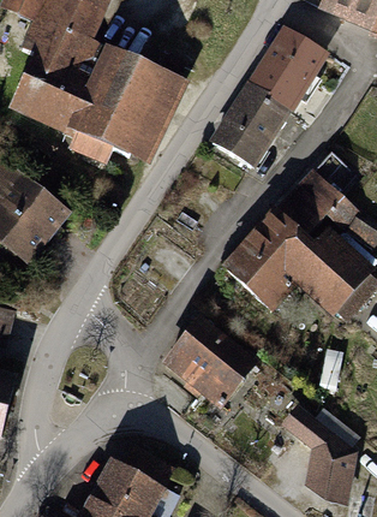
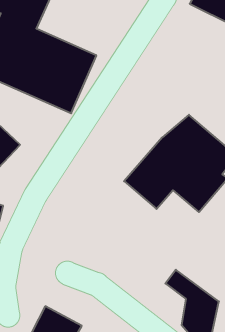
building: [213,23,329,164] -> none
building: [163,310,262,405] -> none

